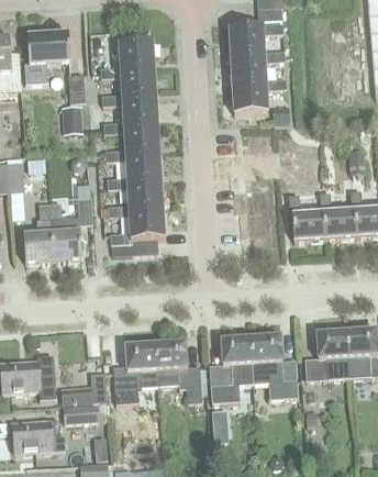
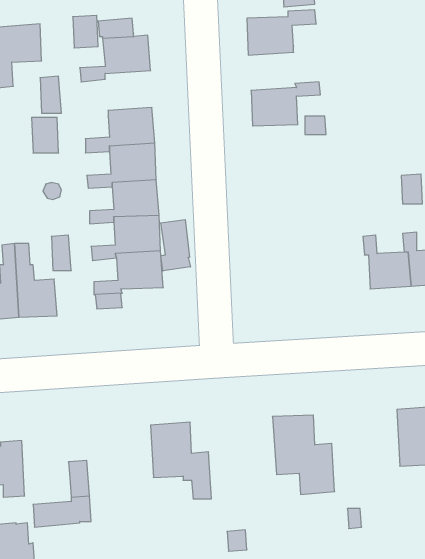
building: [230,49,285,85] -> none
building: [101,69,155,106] -> none
building: none -> [161,220,190,271]
building: [288,199,324,240] -> none
building: [304,332,347,378] -> none
building: [209,337,252,401] -> none
building: [113,344,156,402] -> none

